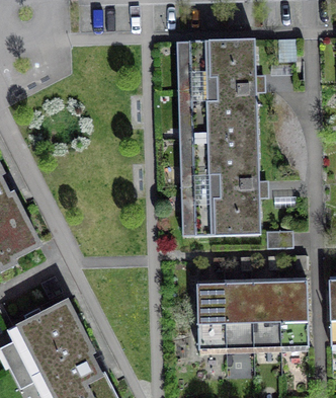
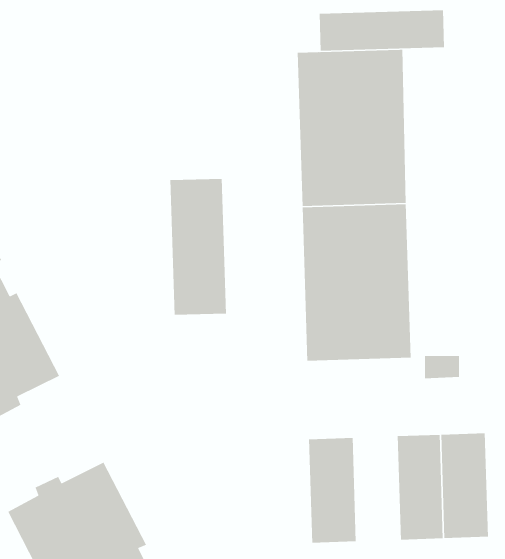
building: none -> [319,9,445,51]
building: none -> [170,178,227,316]
building: [223,282,252,348] -> none

